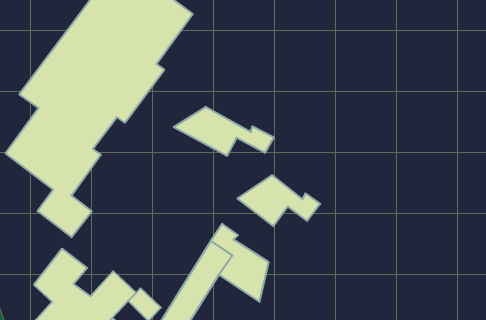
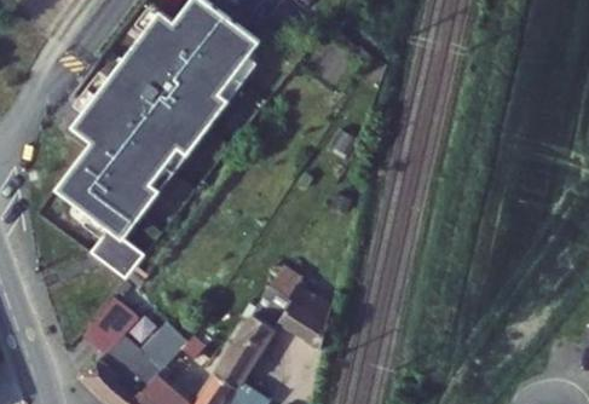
building: [174,107,274,156] -> none
building: [237,175,320,226] -> none

